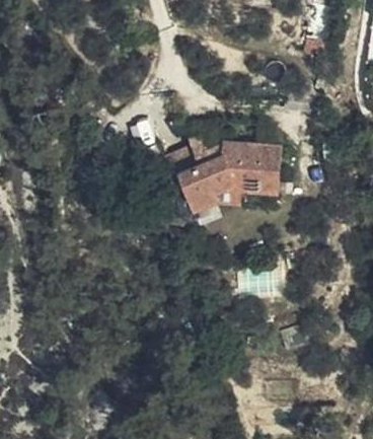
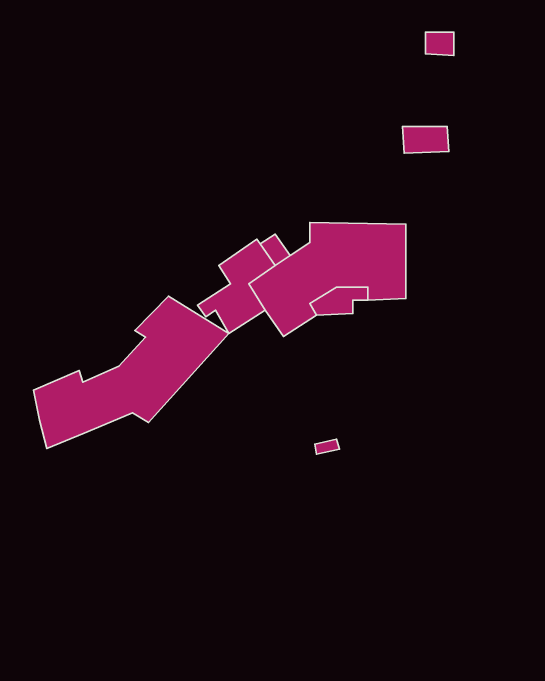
building: none -> [34,296,229,449]

